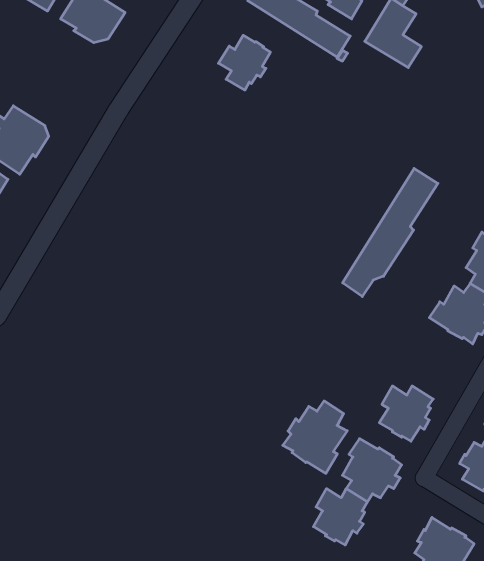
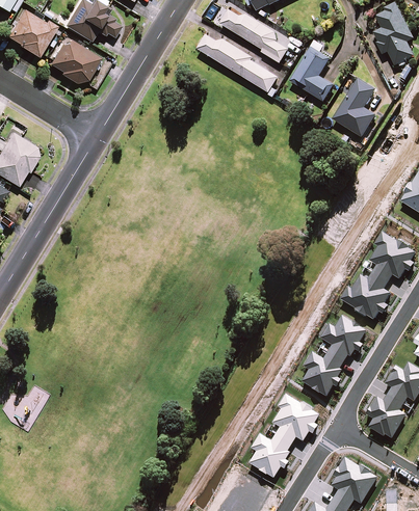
building: [218,35,270,90] -> none
building: none -> [333,78,376,137]
building: [343,168,438,297] -> none
building: none -> [320,317,366,364]
building: [283,401,347,473] -> none

